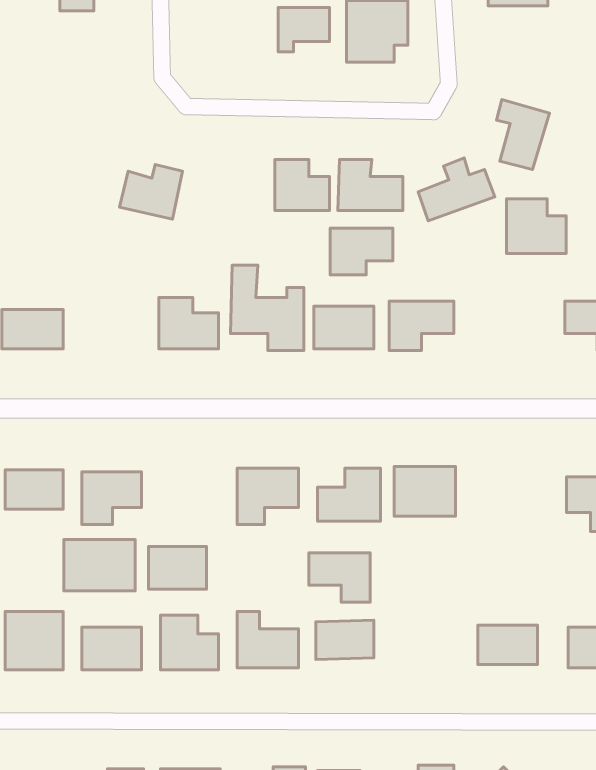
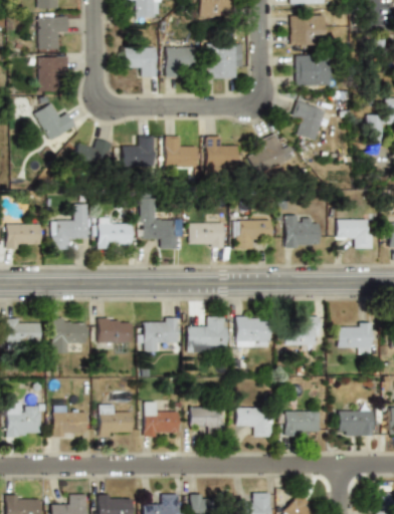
building: none -> [125,47,158,77]
building: none -> [38,56,68,91]
building: none -> [297,56,332,85]
building: none -> [33,103,75,140]
building: none -> [121,137,154,167]
building: [506,199,566,253] -> [283,216,319,248]
building: [330,228,393,275] -> none
building: none -> [45,205,88,251]
building: none -> [284,317,319,345]
building: [64,540,135,591] -> none
building: [149,546,207,589] -> [97,318,132,343]
building: [309,553,370,602] -> [236,408,272,437]

